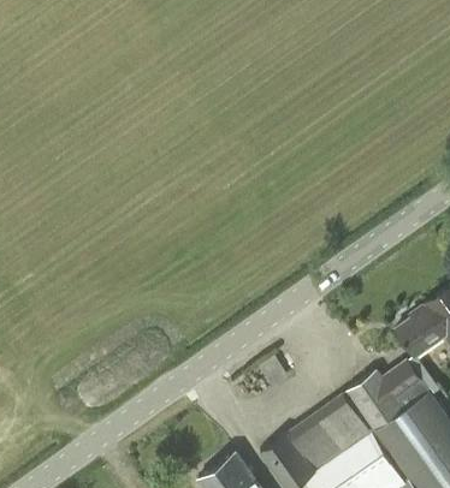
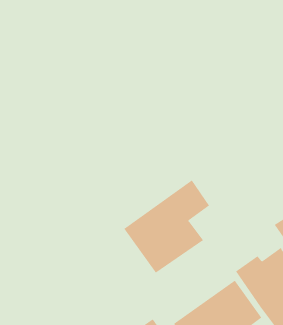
building: none -> [124,179,210,273]

